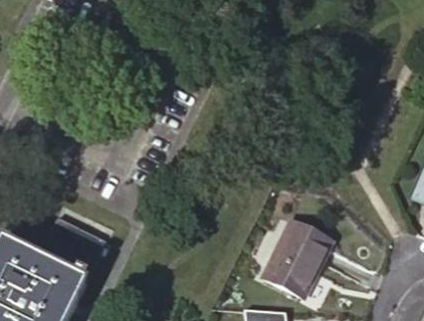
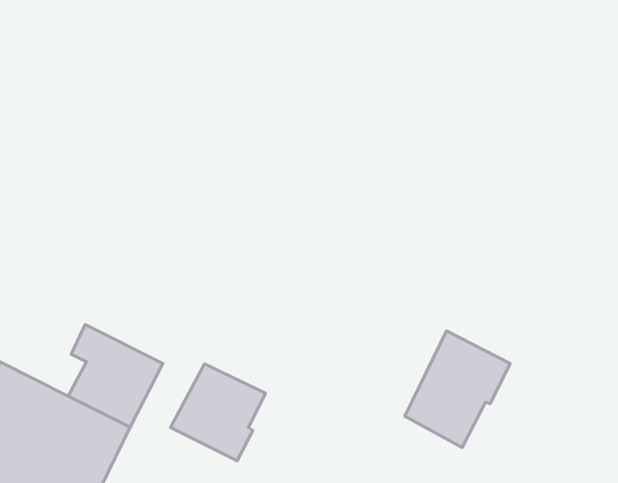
building: none -> [171,364,265,461]

